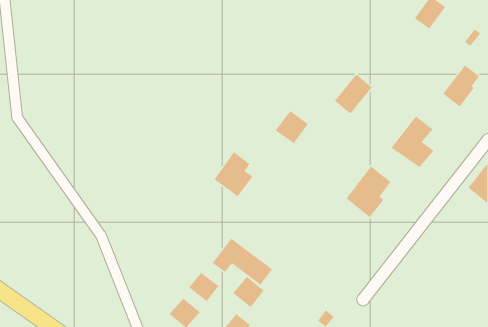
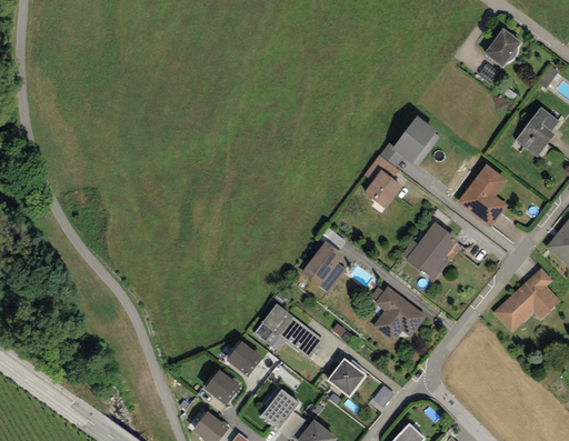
building: [275,110,309,144] -> [363,170,402,209]
building: [213,151,253,197] -> [301,240,347,292]
building: none -> [493,267,560,331]
building: none -> [372,285,426,341]
building: [232,276,265,308] -> [328,360,365,397]

